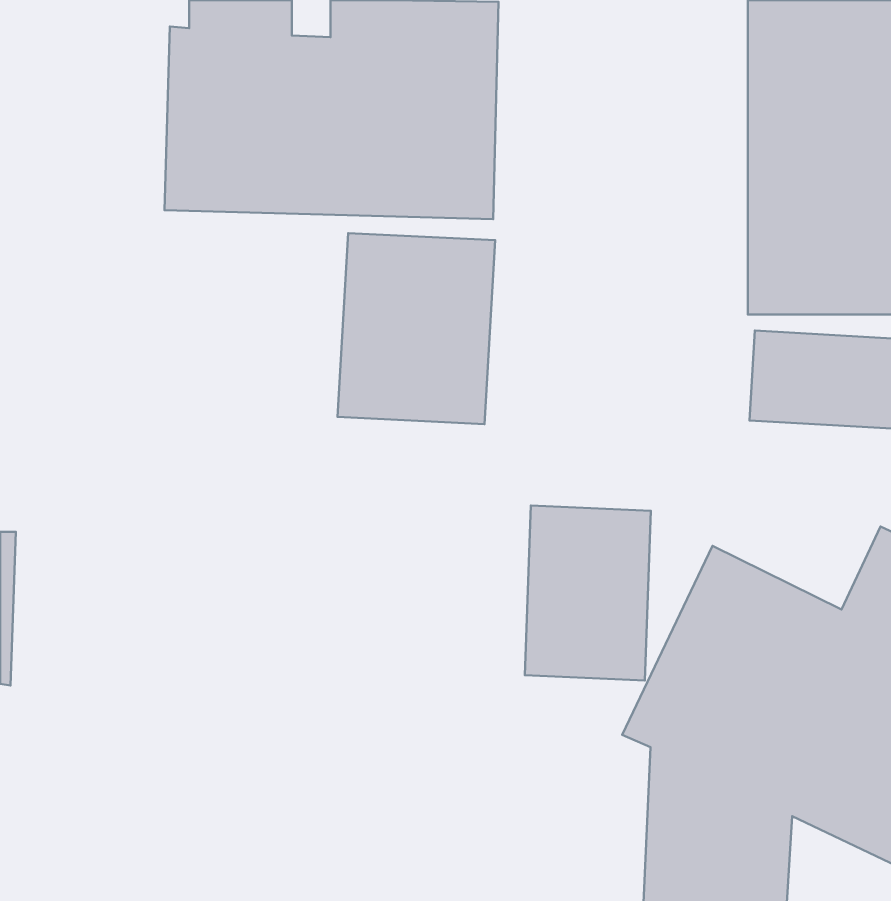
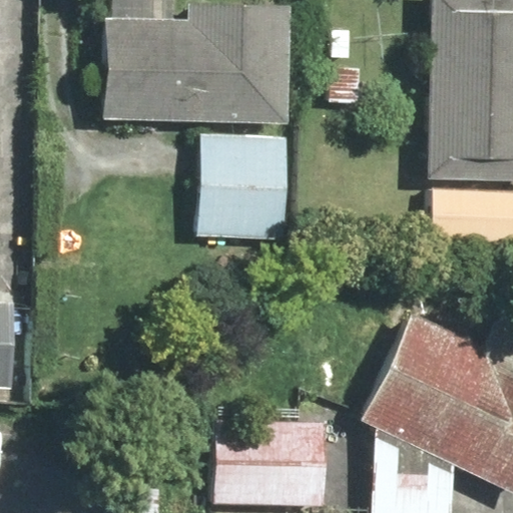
building: [525,505,651,681] -> none
building: none -> [212,419,329,507]

